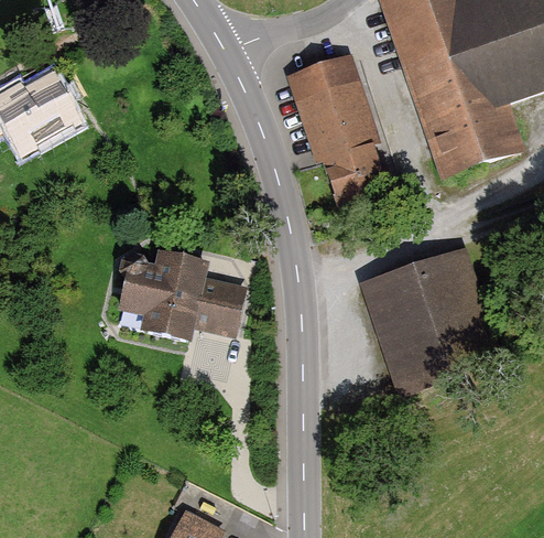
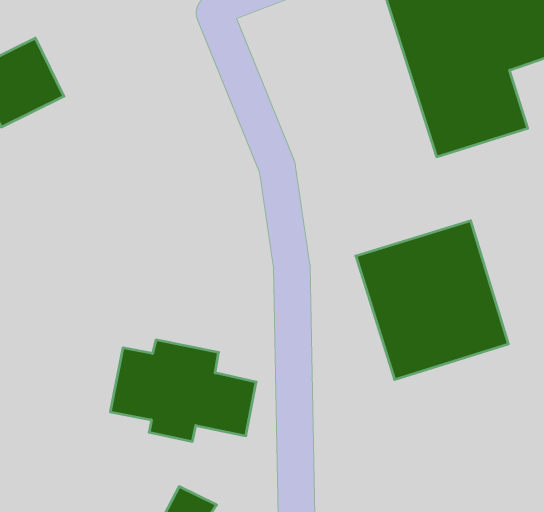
building: [287,50,403,223] -> none
building: [109,239,250,337] -> [110,340,256,441]

